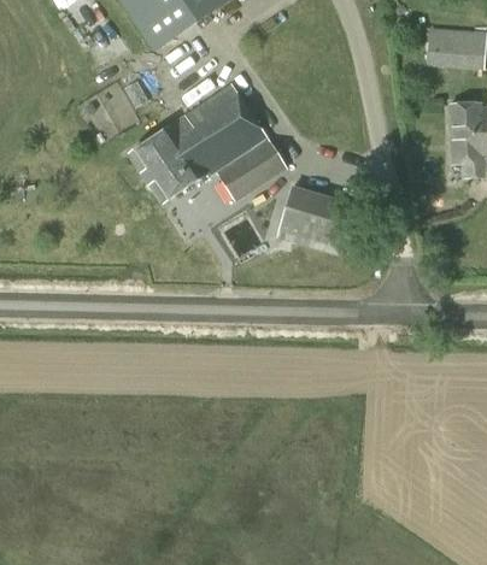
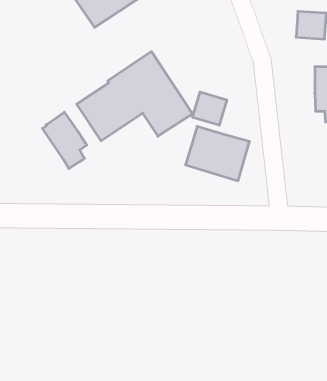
building: none -> [193,92,227,125]
building: none -> [42,112,87,169]

